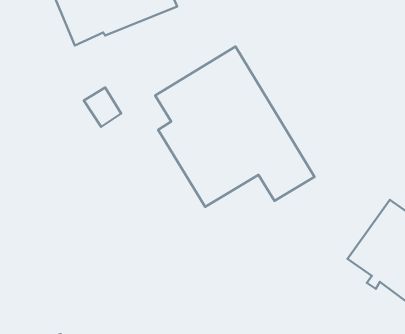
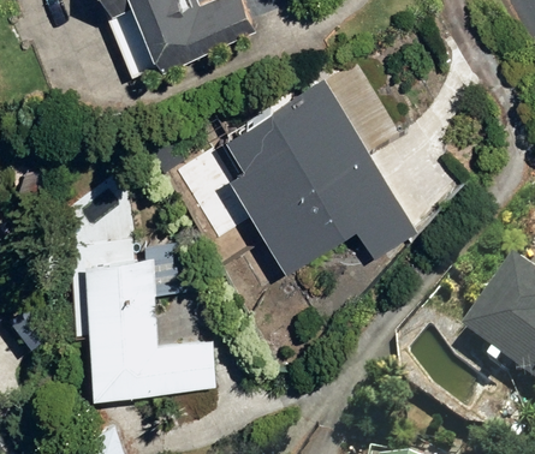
building: none -> [84,239,215,401]

